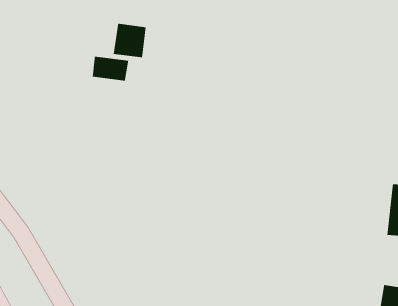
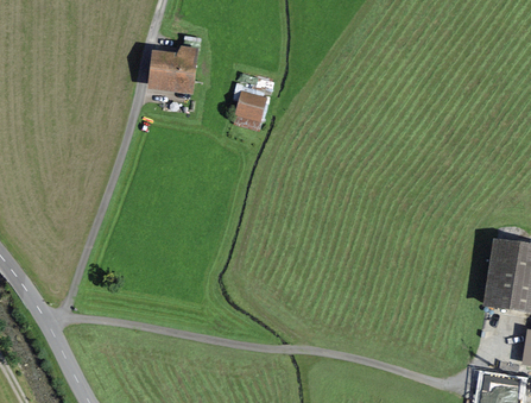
building: [92,56,129,81] -> none
building: none -> [232,92,267,121]

